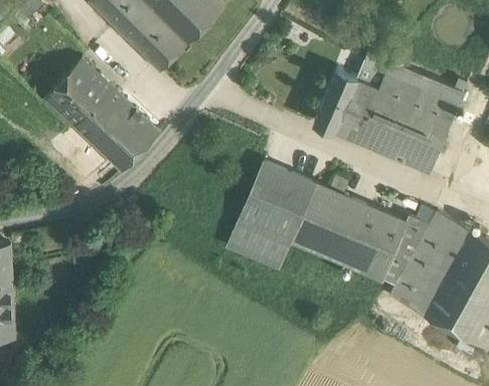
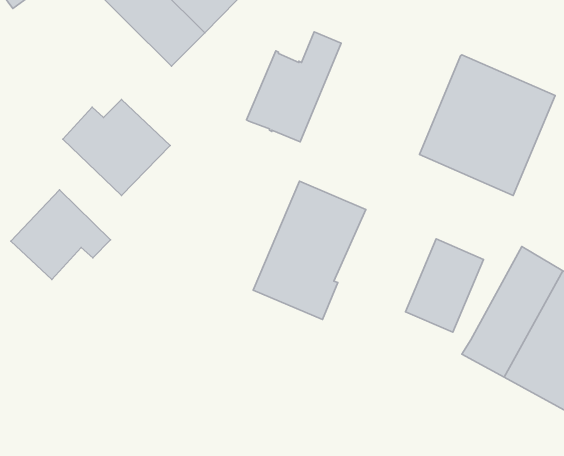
building: [315,54,389,141] -> [246,32,341,142]
building: [44,58,123,129] -> [11,190,111,279]
building: [290,184,370,264] -> none
building: [383,216,431,286] -> none

